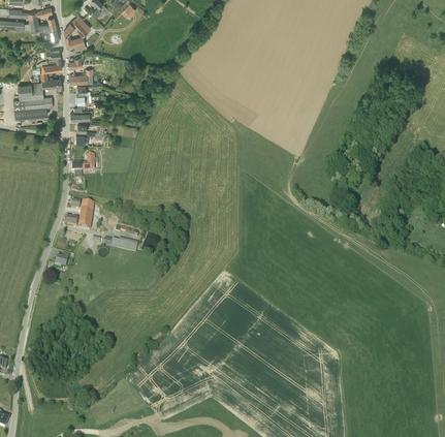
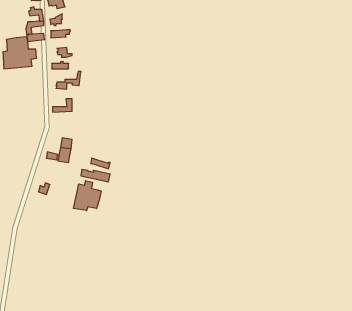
building: none -> [73,181,101,211]

